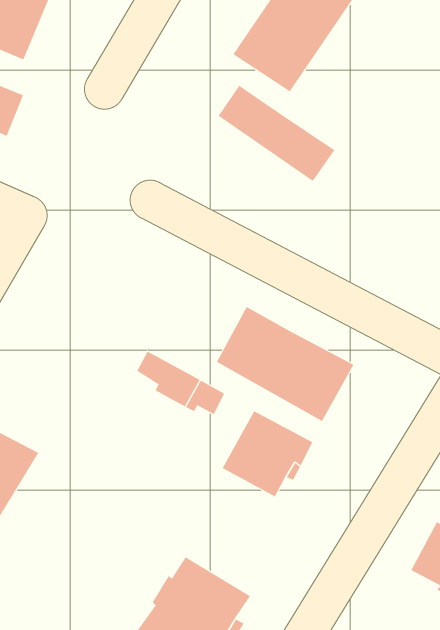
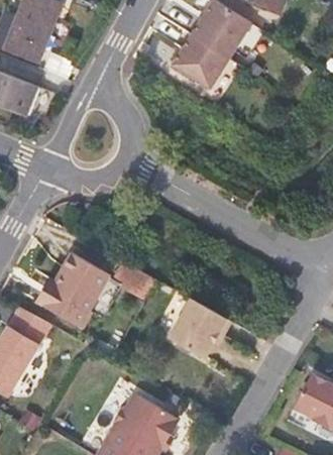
building: [218,85,335,182] -> none
building: [216,306,354,422] -> none
building: none -> [40,251,104,325]

